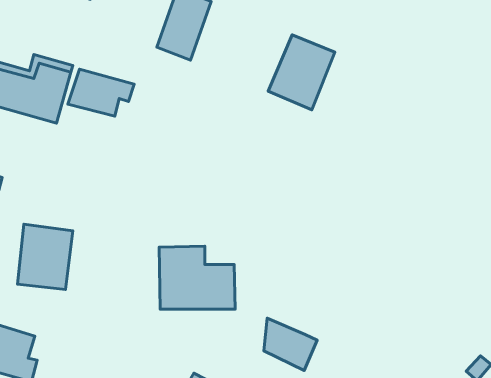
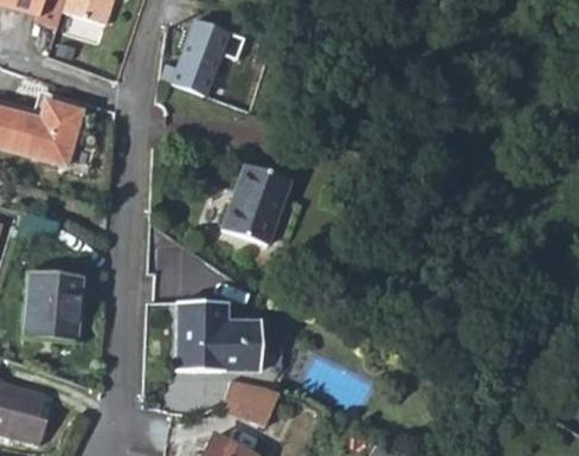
building: [268,35,335,110] -> [221,160,294,242]
building: [68,69,134,116] -> none
building: [264,318,317,370] -> [224,371,282,428]

